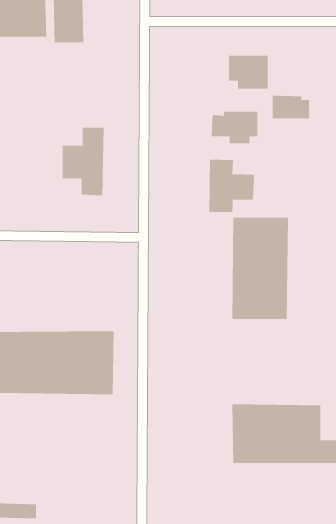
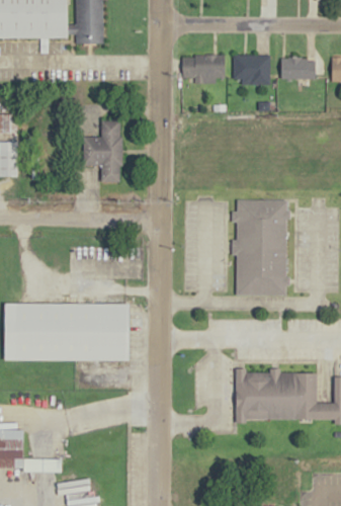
building: [272,95,310,119] -> [281,58,316,79]
building: [211,111,258,144] -> [182,55,225,84]
building: [209,159,254,213] -> none

